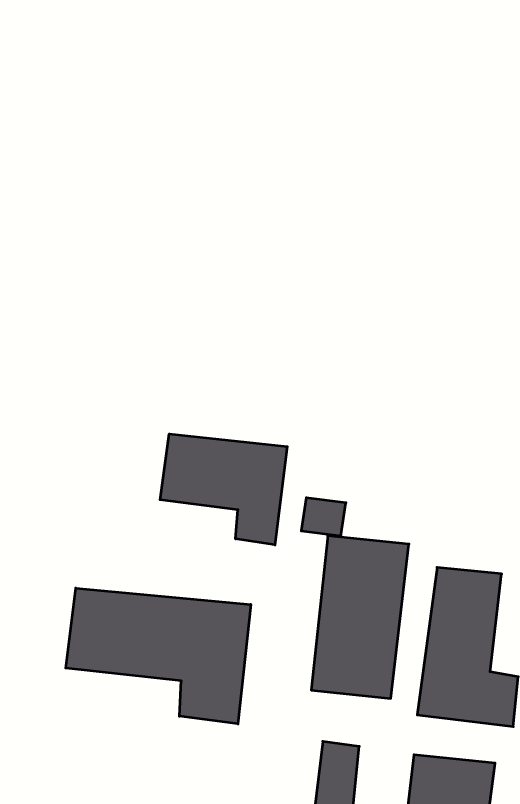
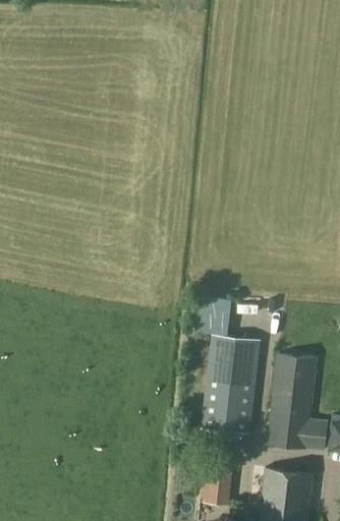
building: [160,434,287,545] -> none
building: [66,588,251,724] -> none

